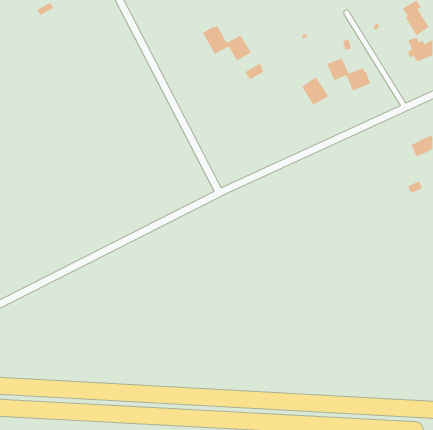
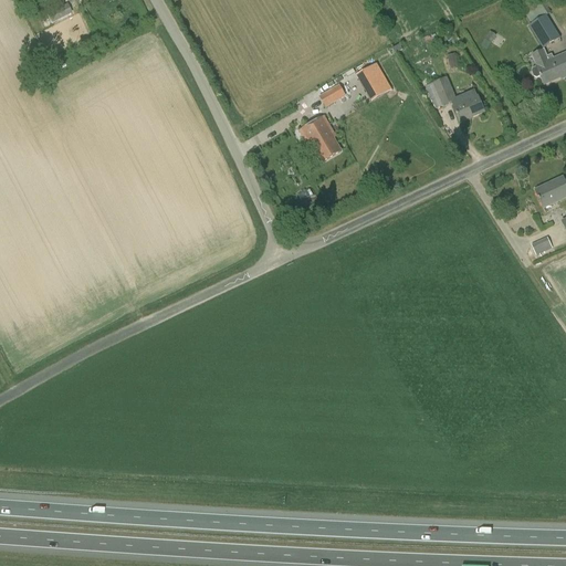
building: [202,25,252,62] -> none
building: [301,76,329,106] -> [356,61,392,99]
building: none -> [300,115,340,160]

